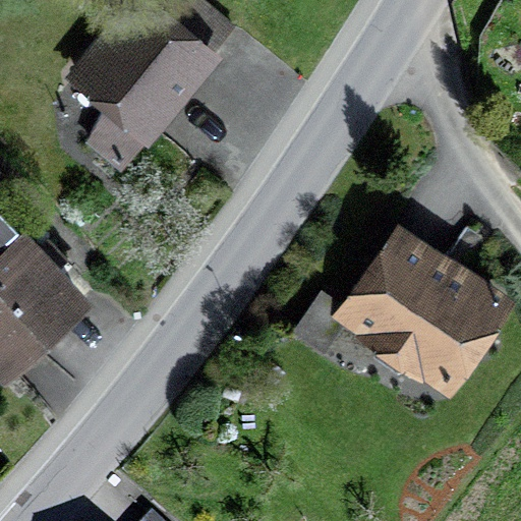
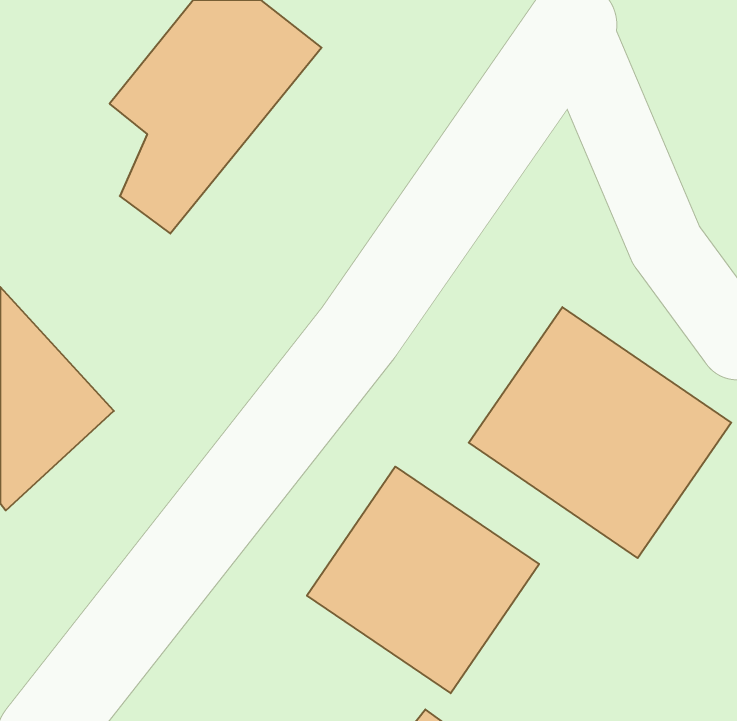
building: none -> [307,467,539,693]

